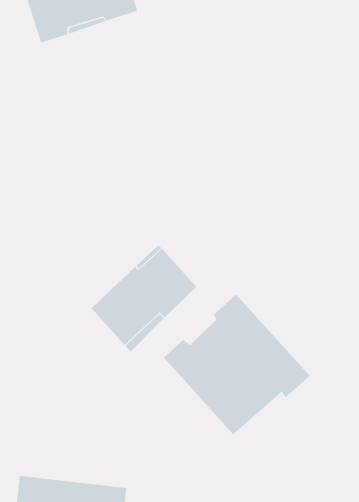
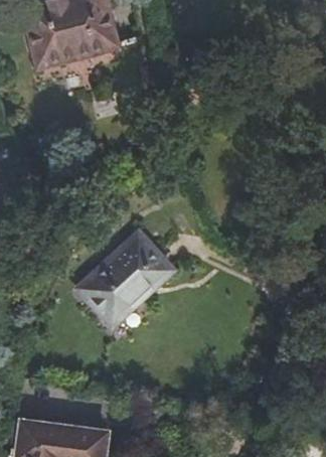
building: [163,294,311,435] -> none

